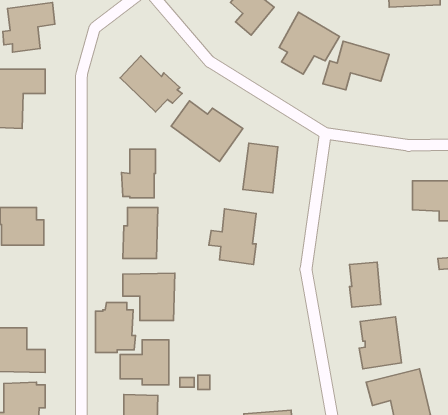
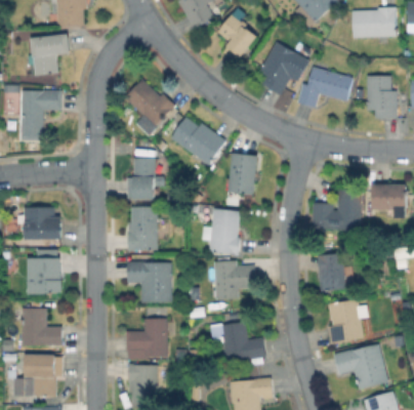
building: none -> [366,76,397,119]
building: none -> [312,190,362,237]
building: none -> [213,260,255,299]
building: [95,303,135,352] -> [29,252,63,294]
building: none -> [220,322,264,362]

